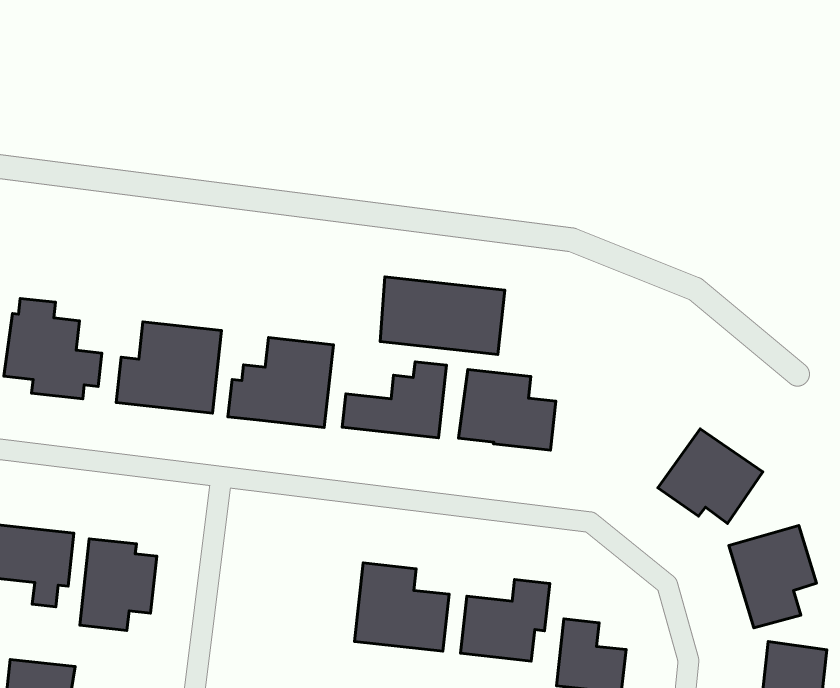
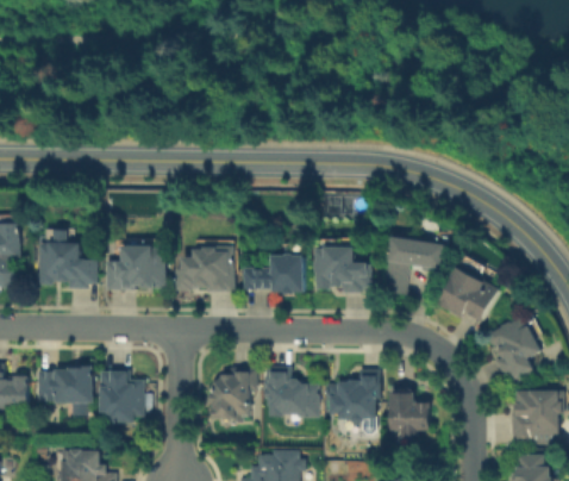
building: [380,277,505,354] -> none
building: none -> [381,236,450,299]
building: none -> [212,369,256,419]

